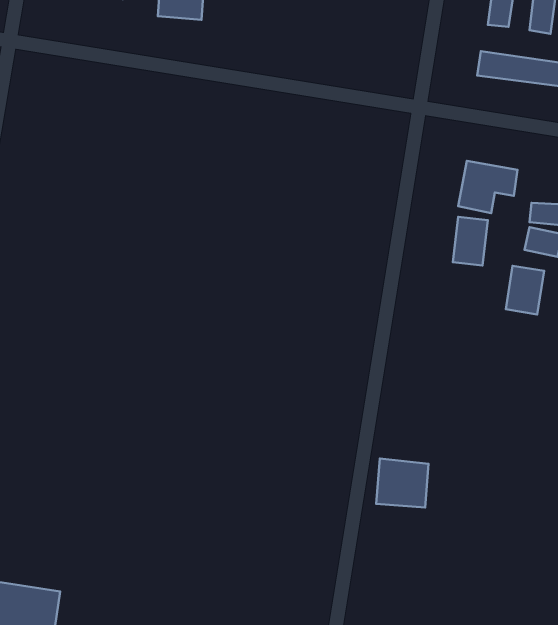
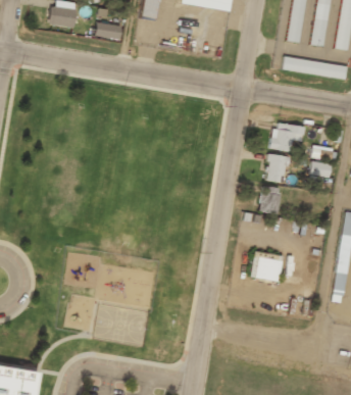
building: [506,266,544,315] -> [259,186,282,214]
building: [376,459,429,507] -> [252,252,283,281]

